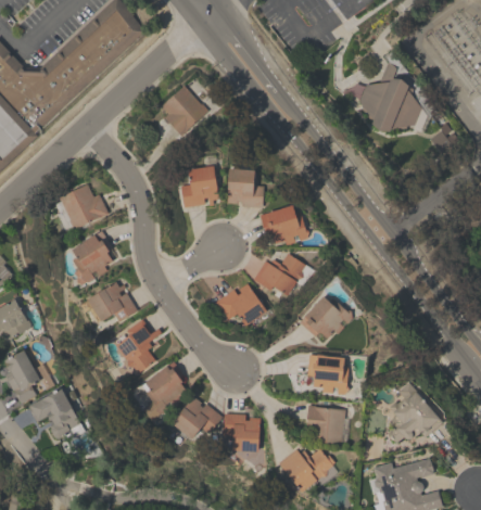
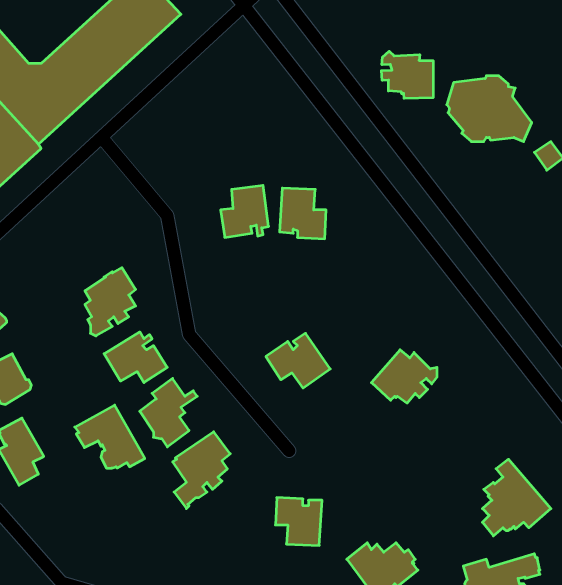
building: none -> [381,51,433,98]
building: [161,85,208,136] -> none
building: [60,184,109,231] -> none
building: [260,205,308,246] -> none
building: [253,254,314,296] -> none
building: [307,355,350,395] -> none
building: [29,388,85,438] -> [75,405,145,468]
building: [168,397,223,446] -> none
building: [306,405,345,445] -> none

